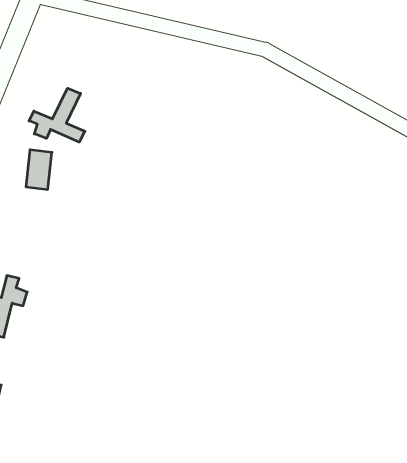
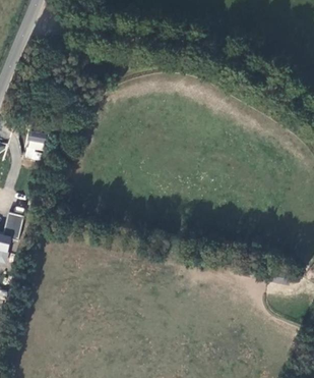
building: [29,88,85,142] -> none

